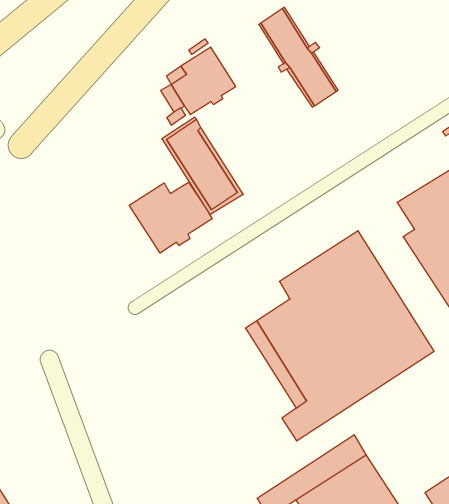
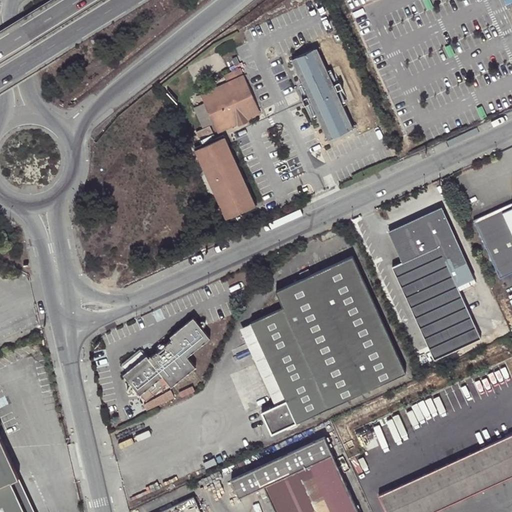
building: [129,182,212,253] -> none
building: none -> [125,320,212,406]

